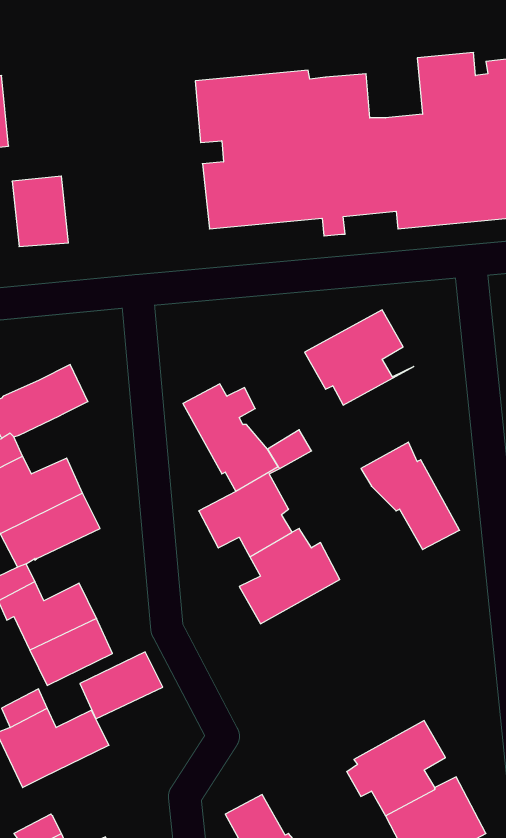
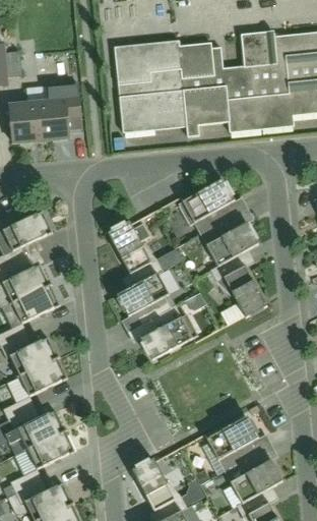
building: none -> [38,83,83,140]
building: none -> [200,212,258,271]
building: [80,652,163,719] -> [27,430,75,469]

